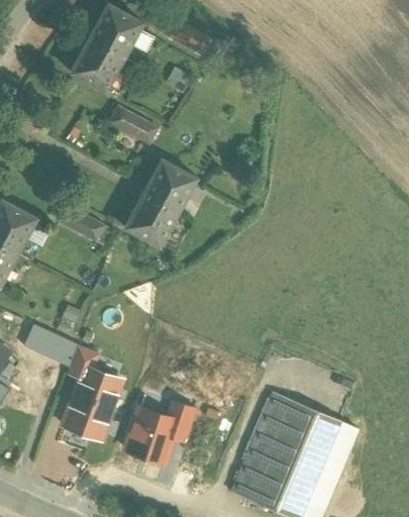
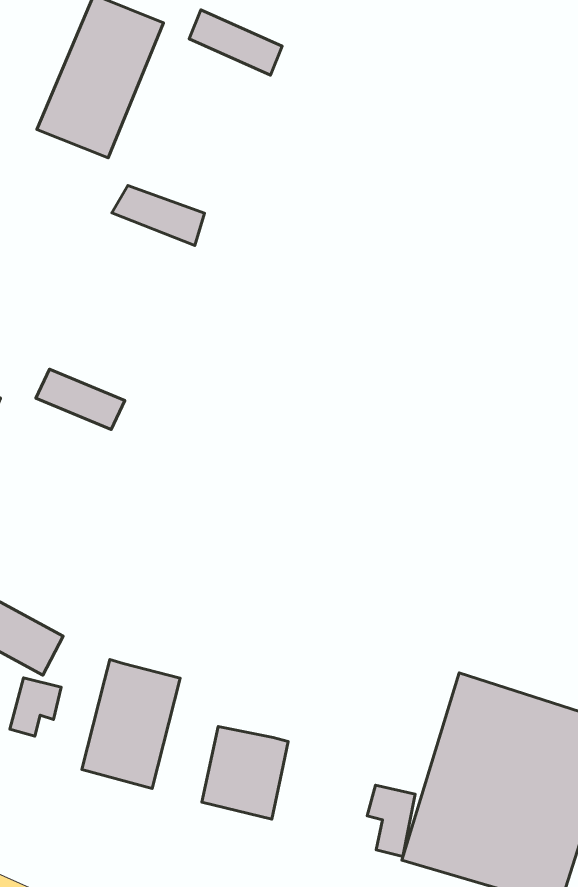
building: [124,160,199,244] -> none
building: [66,344,96,377] -> [10,678,61,736]
building: [168,401,195,441] -> [367,785,415,857]

